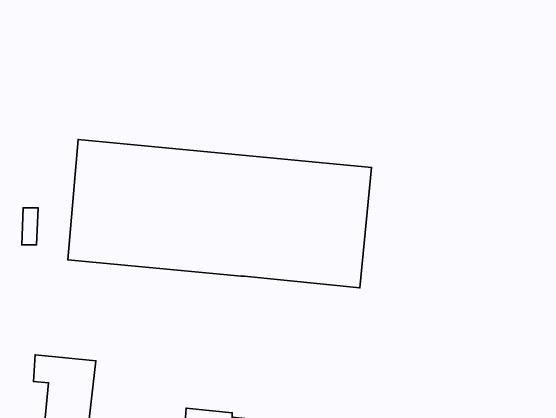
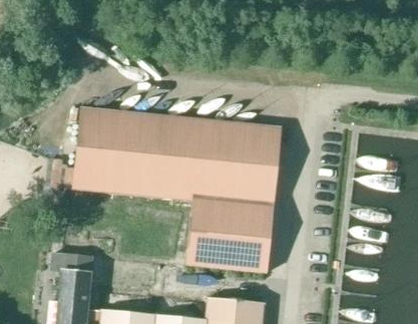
building: none -> [186,200,274,272]

